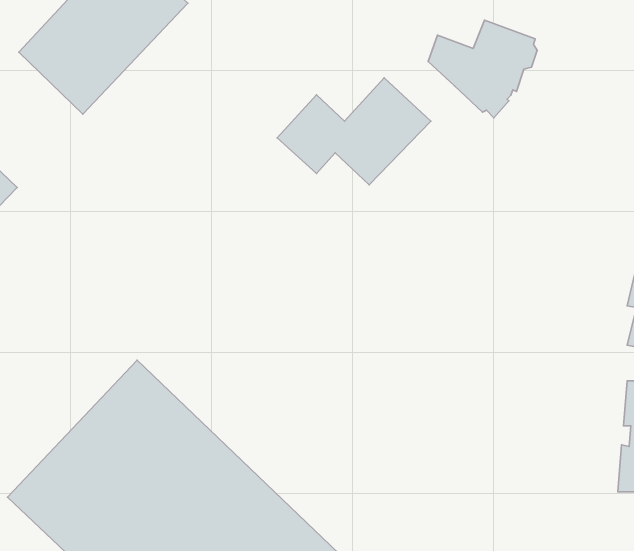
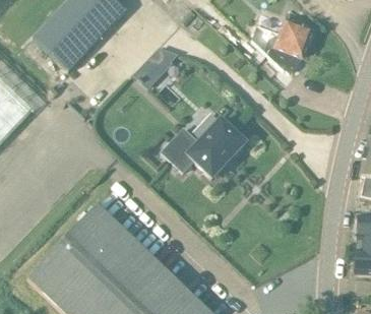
building: [277,78,431,185] -> [161,118,244,176]

